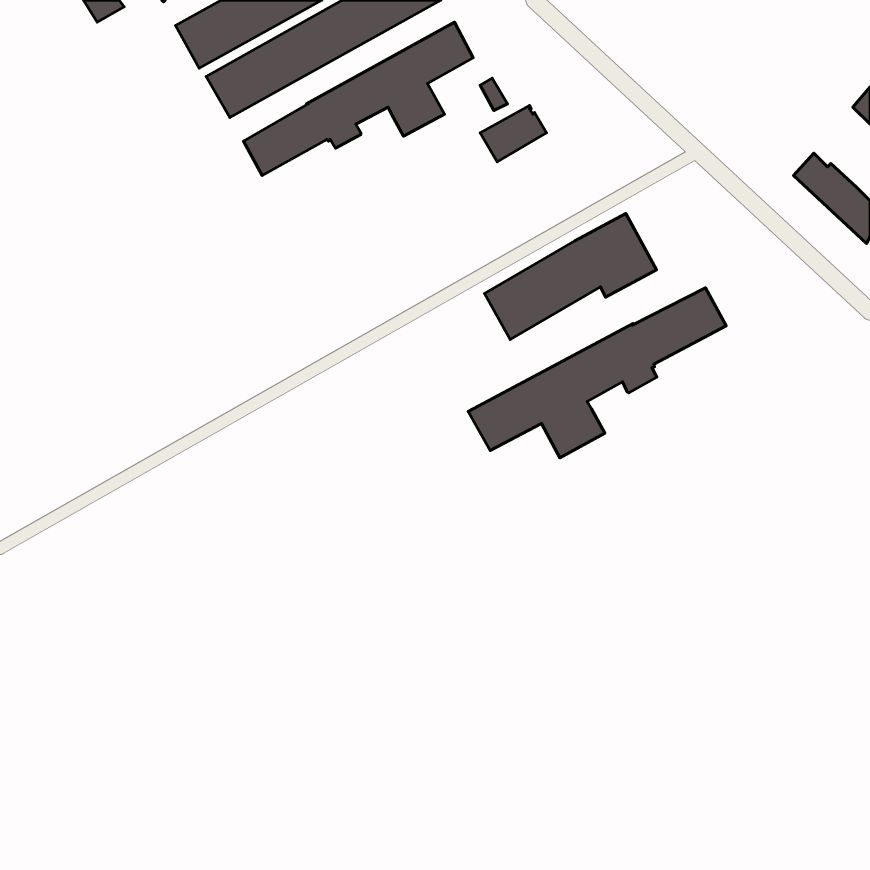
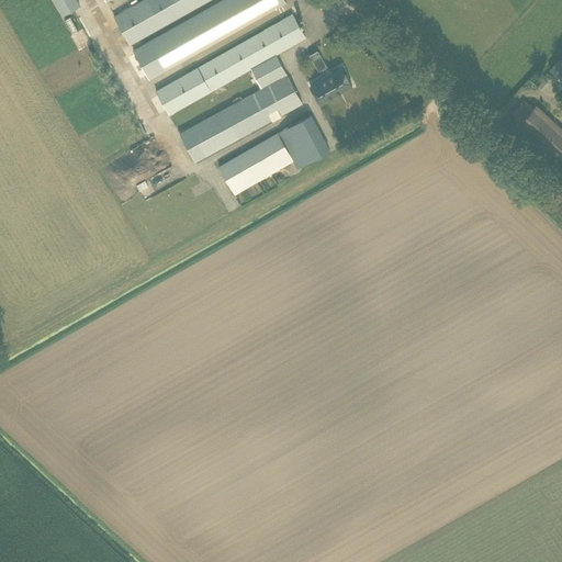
building: none -> [179,74,303,162]
building: [485,214,657,340] -> [218,114,329,195]
building: [468,288,726,458] -> none

